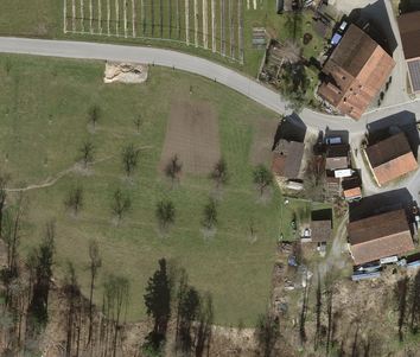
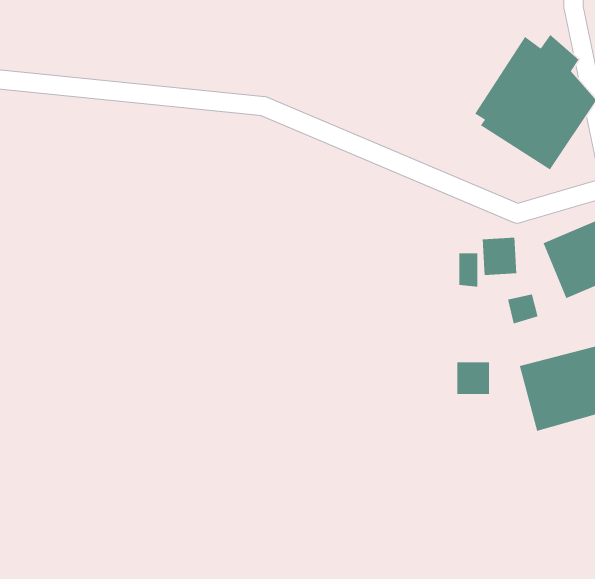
building: [316,77,368,120] -> none
building: [269,136,304,178] -> none

